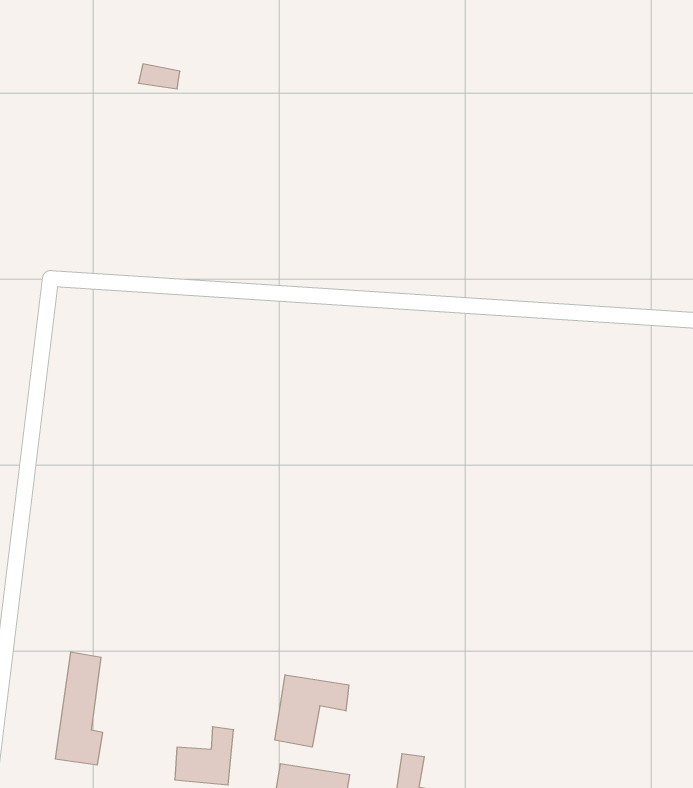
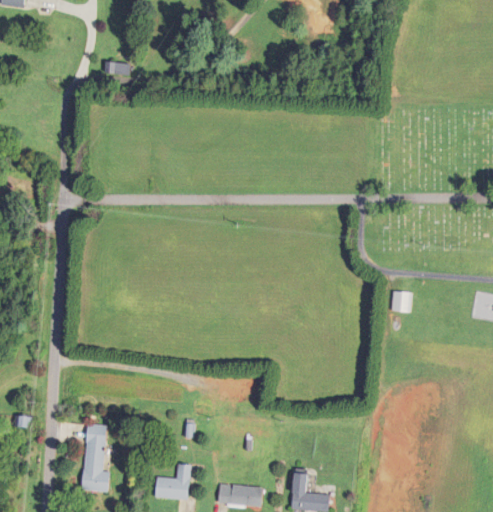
building: none -> [391,292,409,312]
building: [275,675,349,747] -> none

